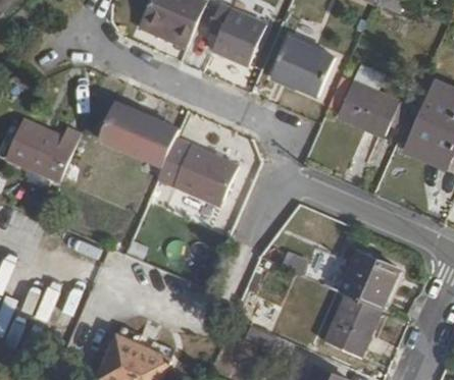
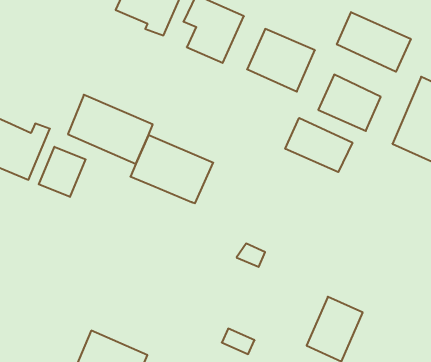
building: none -> [337,12,411,72]
building: none -> [285,118,352,172]
building: none -> [39,147,86,197]
building: [341,246,400,309] -> none

